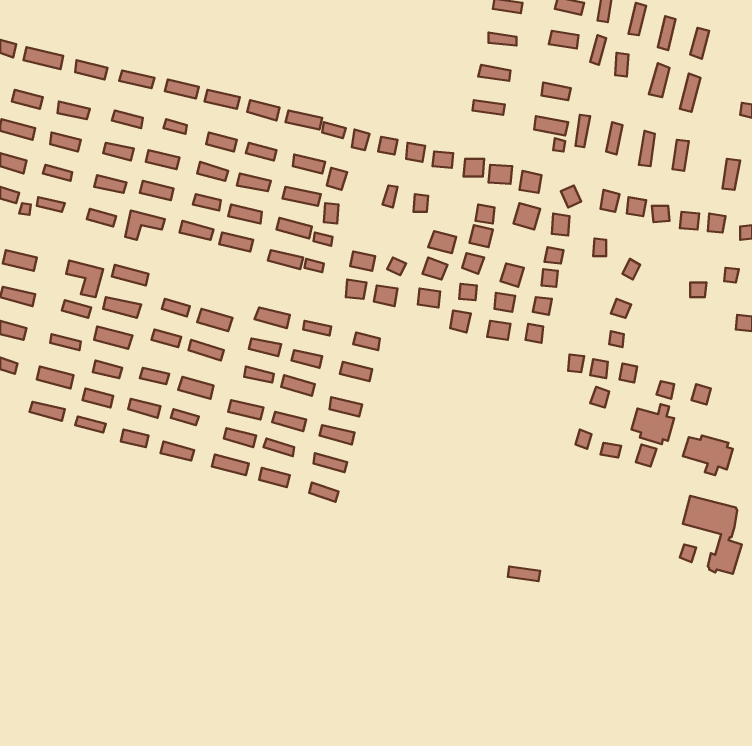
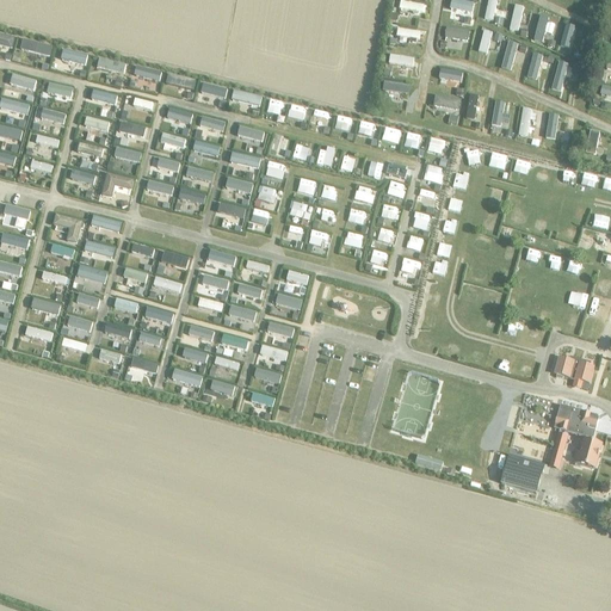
building: [632,404,674,444] -> none
building: none -> [500,452,544,490]

